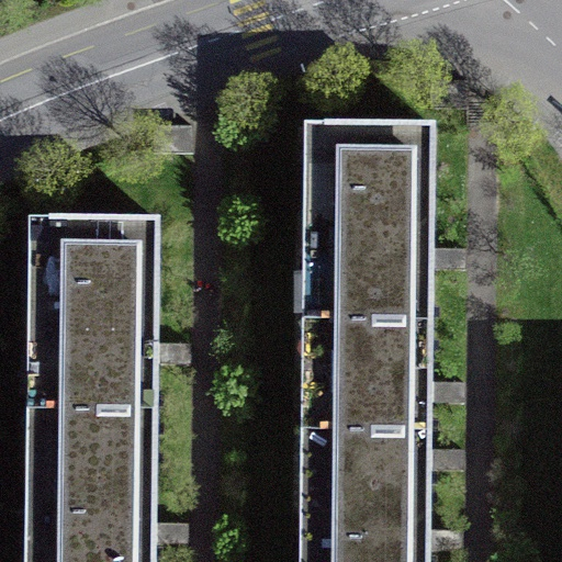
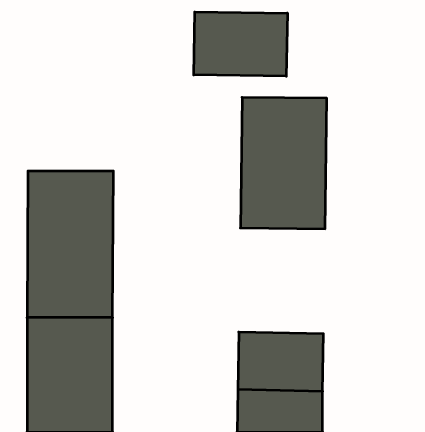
building: none -> [194,12,287,76]
building: [310,295,422,432] -> none

